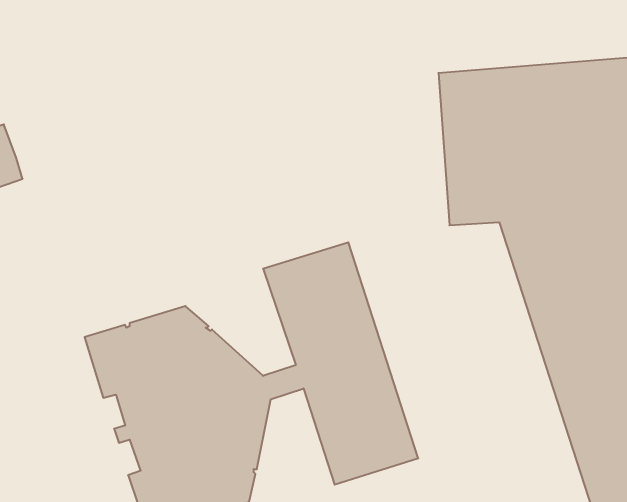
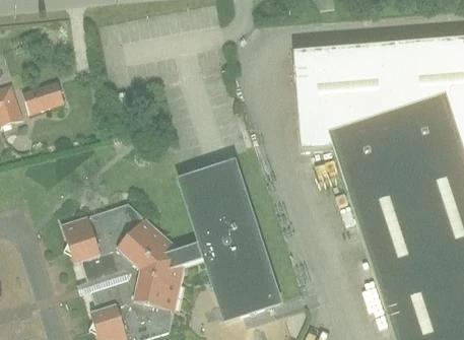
building: none -> [23,81,65,114]

